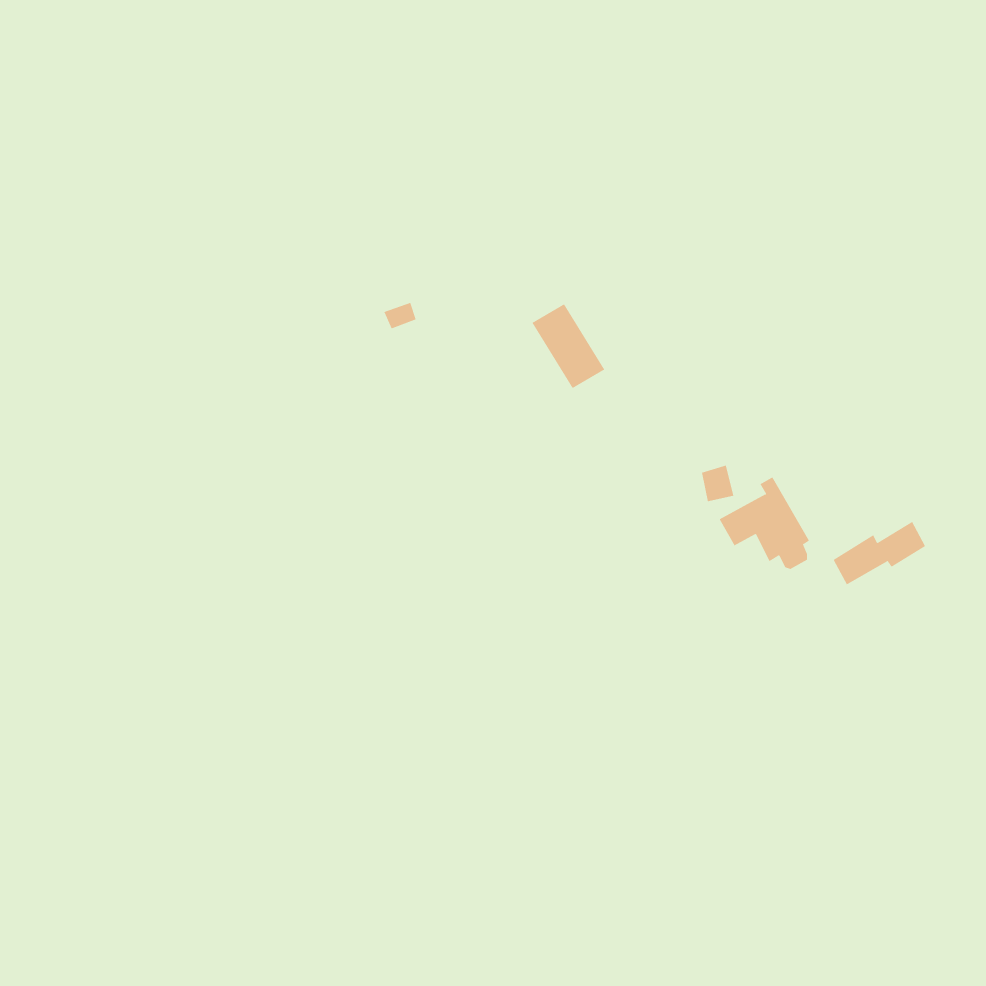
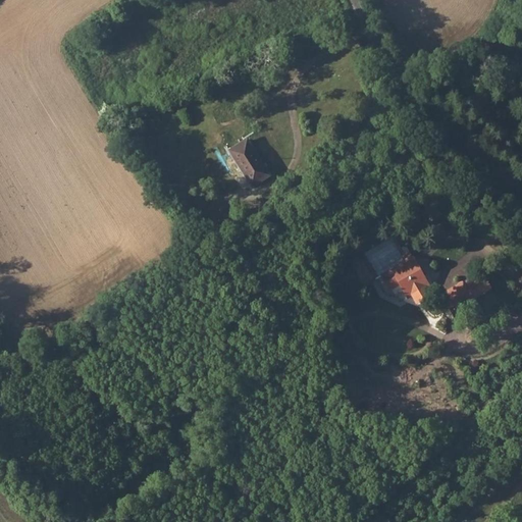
building: [531,303,605,389] -> [230,141,269,186]

